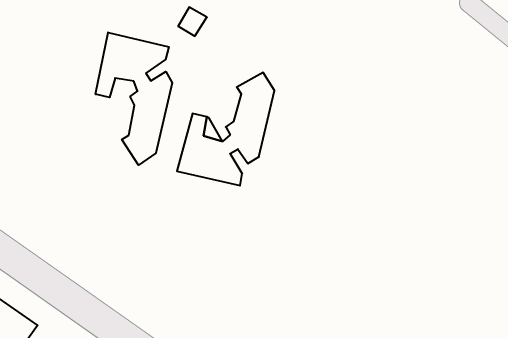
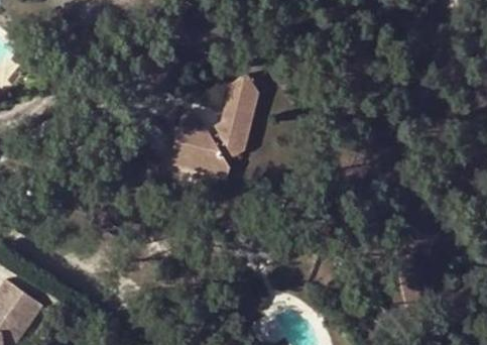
building: [96,32,172,165] -> none

